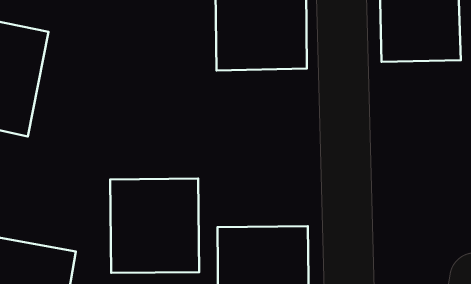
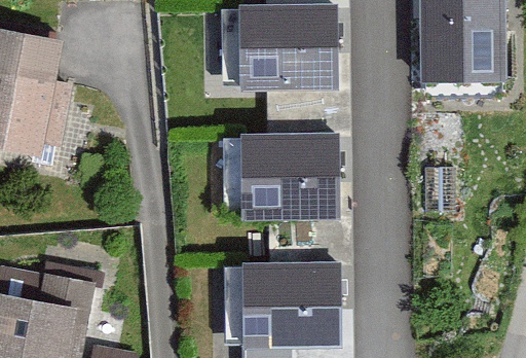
building: none -> [238,132,339,219]
building: [110,179,199,273] -> none

